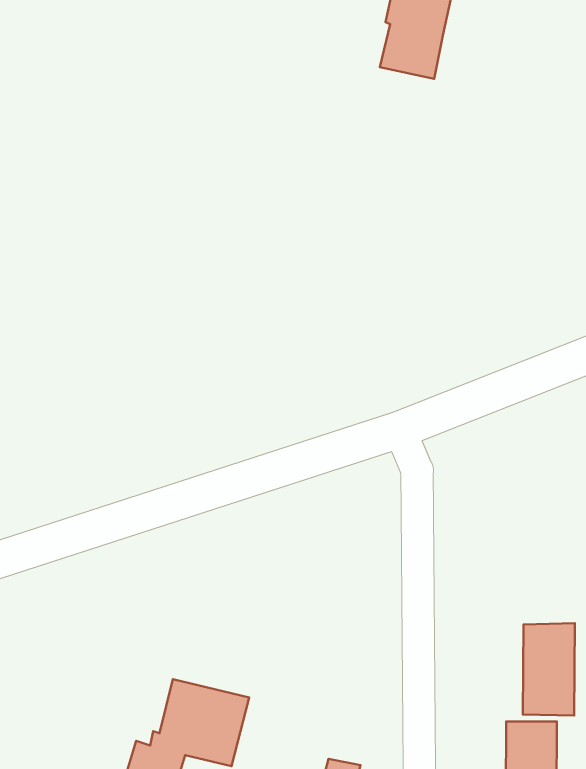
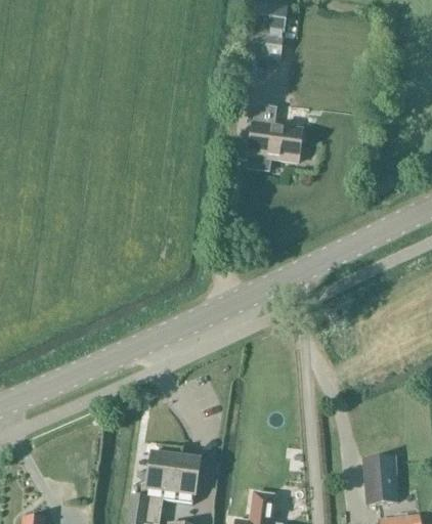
building: none -> [248,103,303,170]
building: [523,623,575,715] -> none

